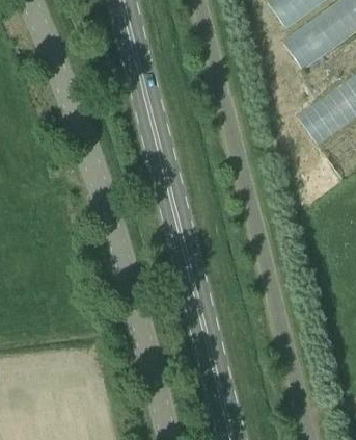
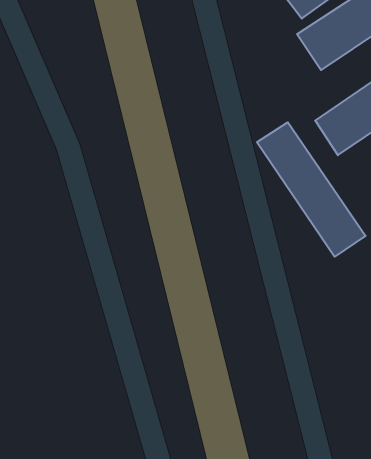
building: none -> [257,122,366,257]

